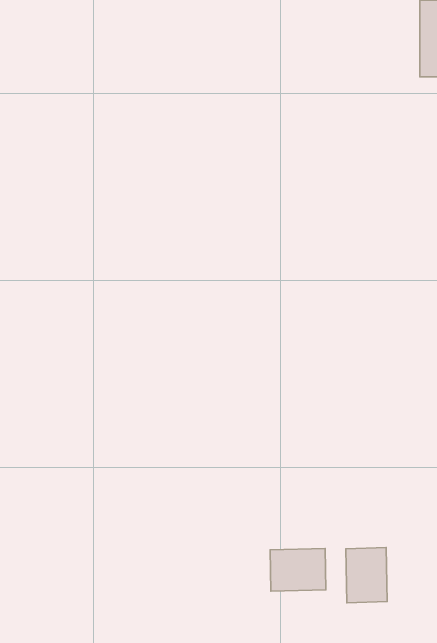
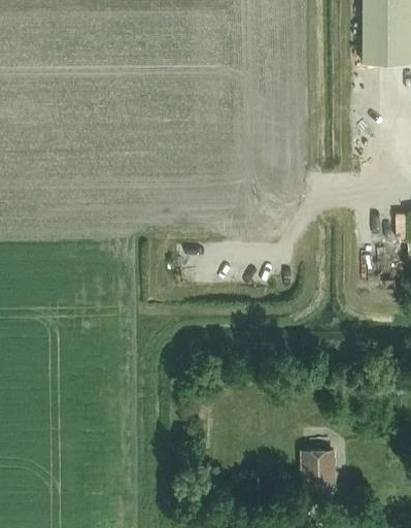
building: [270,549,326,591] -> none

